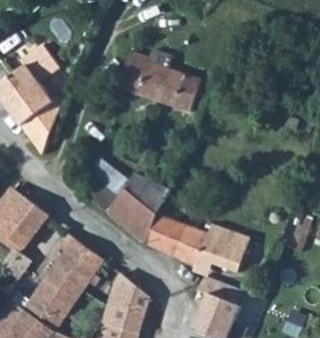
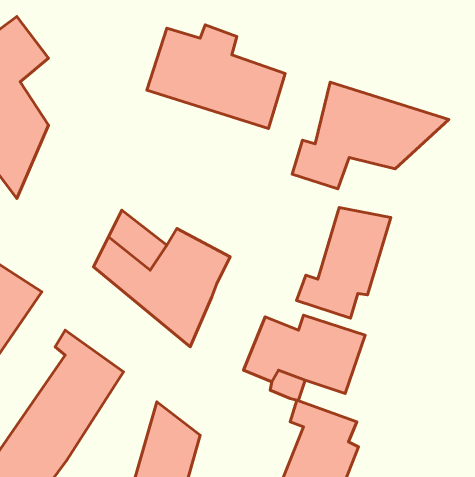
building: none -> [292,82,449,189]
building: none -> [297,208,391,318]
building: [142,213,188,257] -> none

